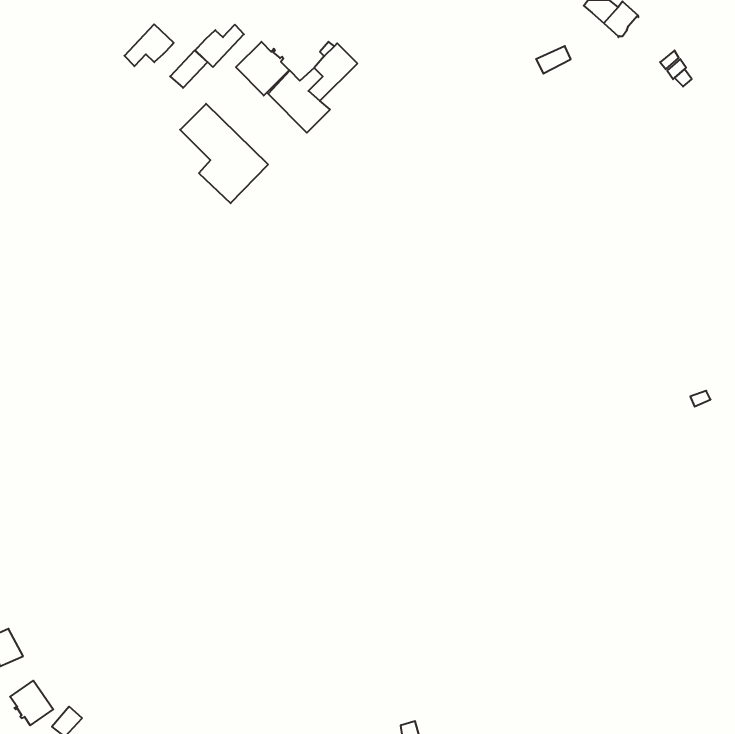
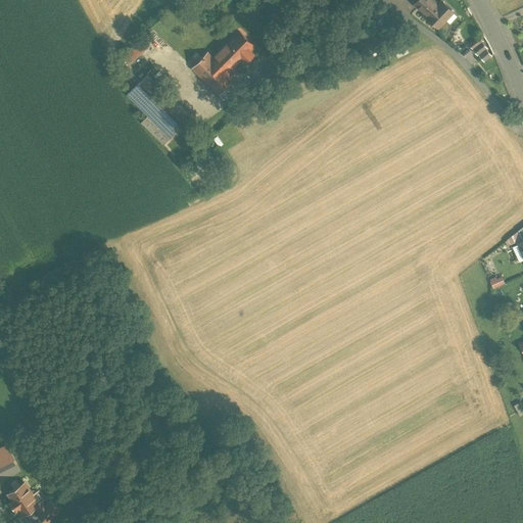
building: [124,24,174,66] -> none
building: [195,25,244,67] -> none
building: [236,42,289,96] -> none

